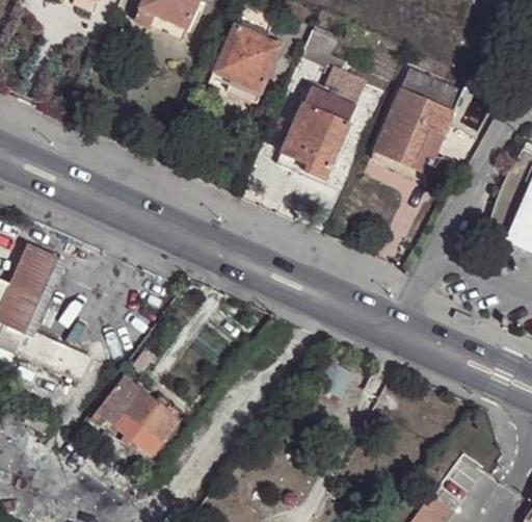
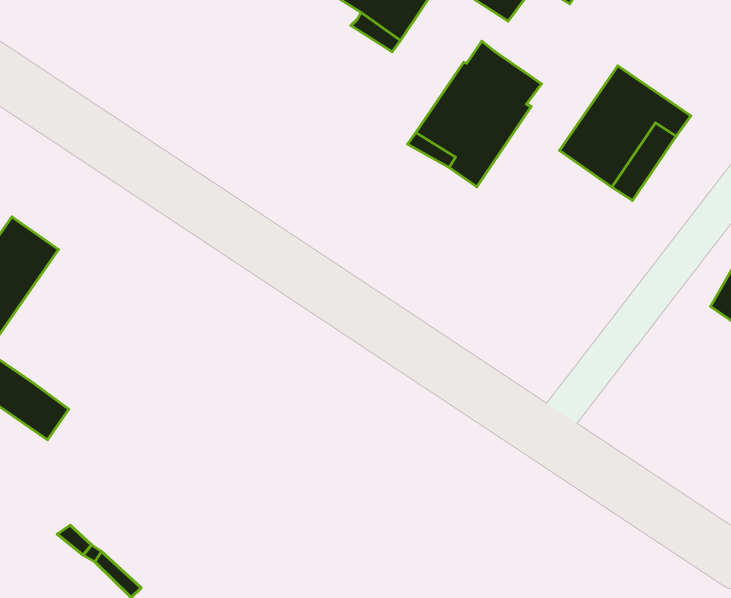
building: [401,64,462,109] -> none
building: [321,71,365,105] -> none
building: [91,381,178,455] -> none

